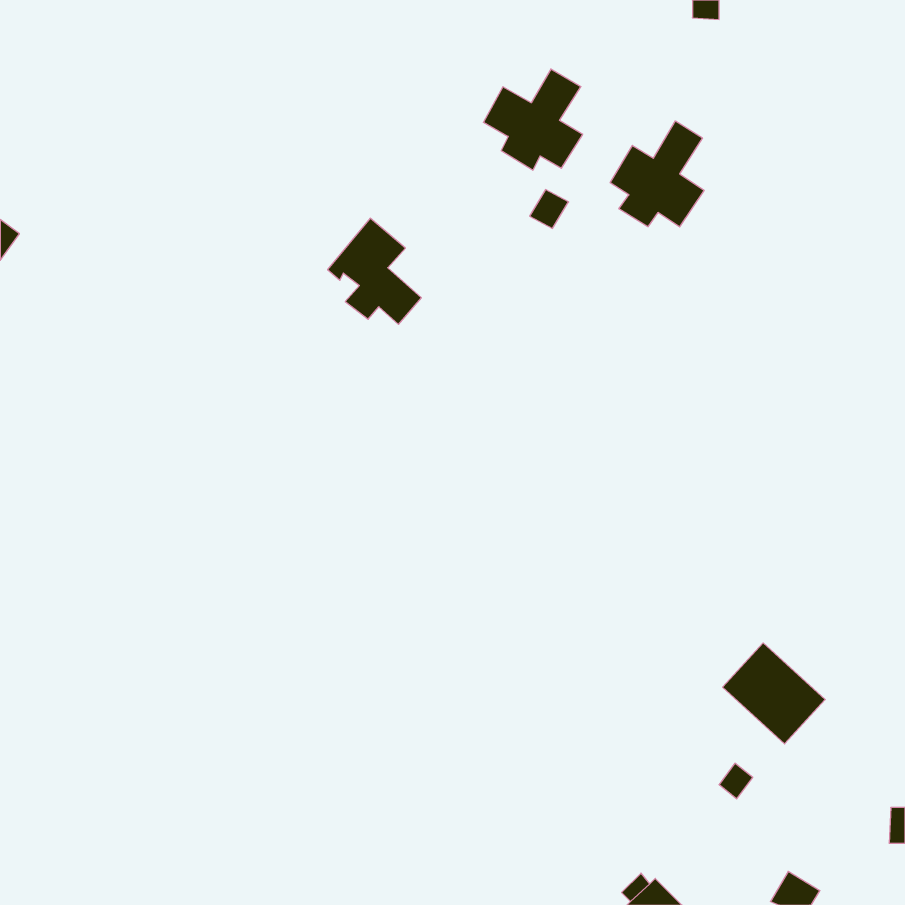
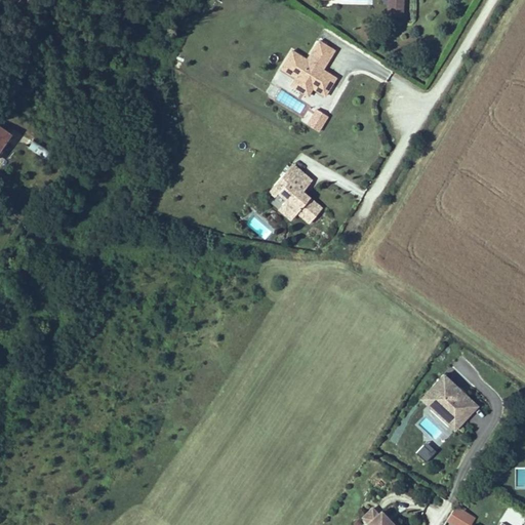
building: [610,121,704,227] -> none
building: [328,218,421,324] -> [268,163,322,225]

